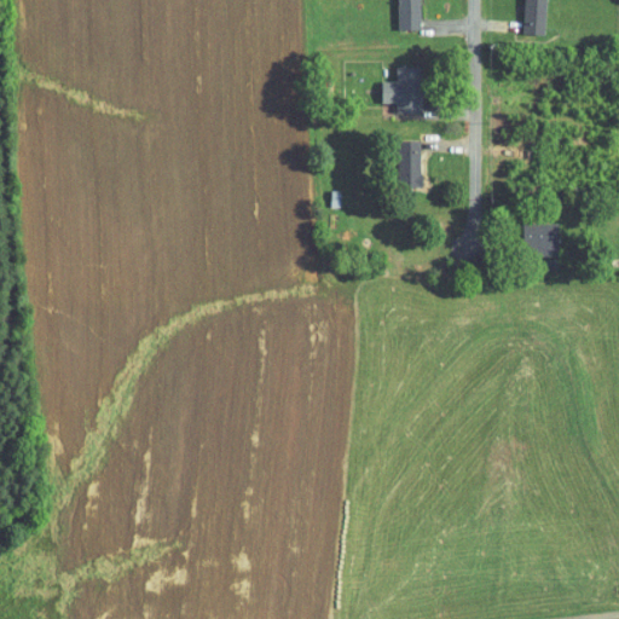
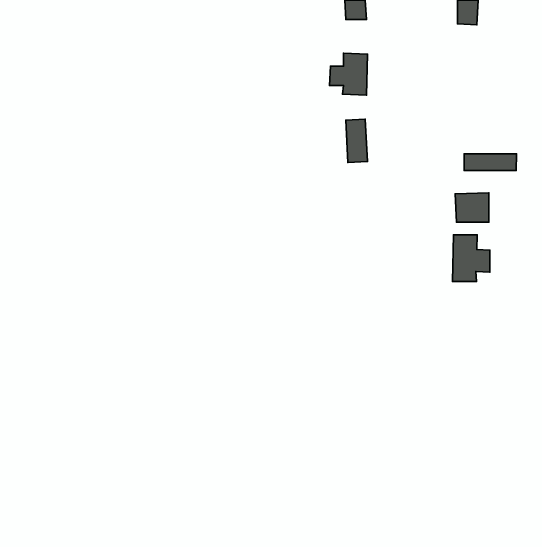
building: none -> [464,154,516,171]
building: none -> [453,235,490,281]

